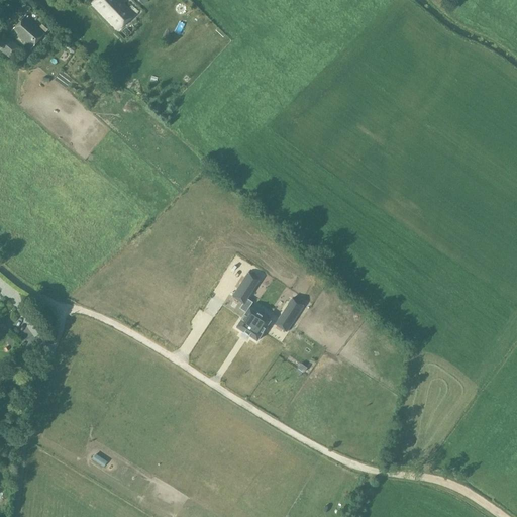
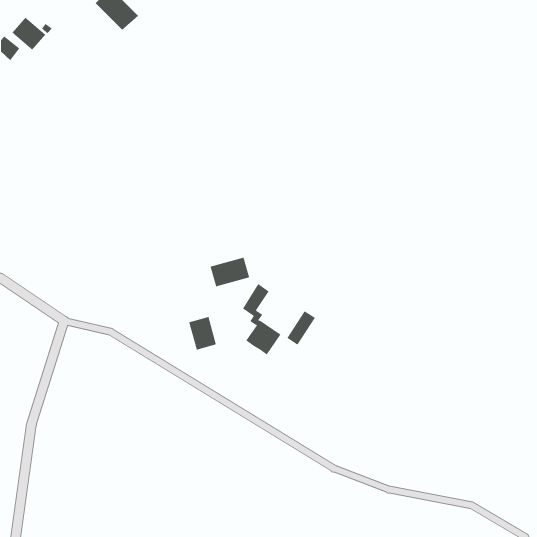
building: none -> [210,257,250,287]
building: none -> [189,316,217,351]

